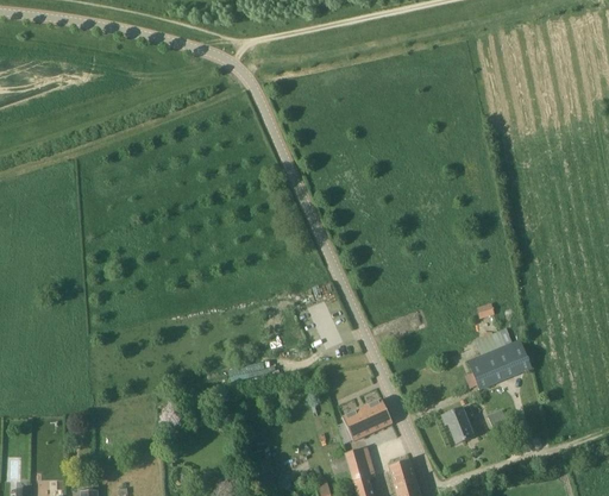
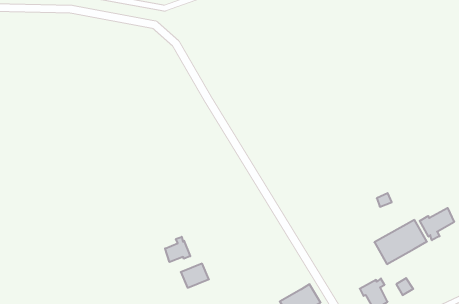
building: none -> [165,237,190,262]
building: none -> [420,208,454,240]

